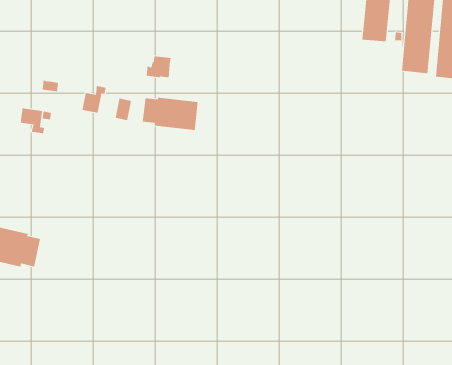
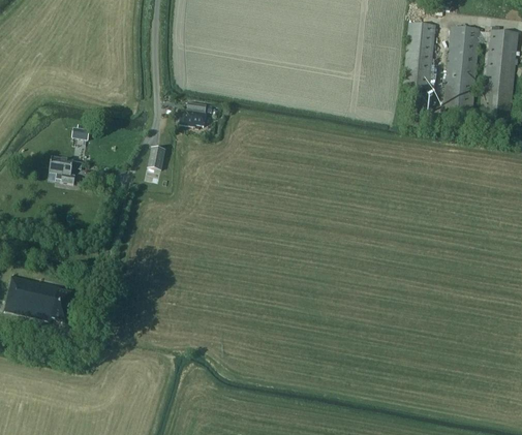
building: [82,85,106,114] -> none
building: [142,97,198,131] -> none

